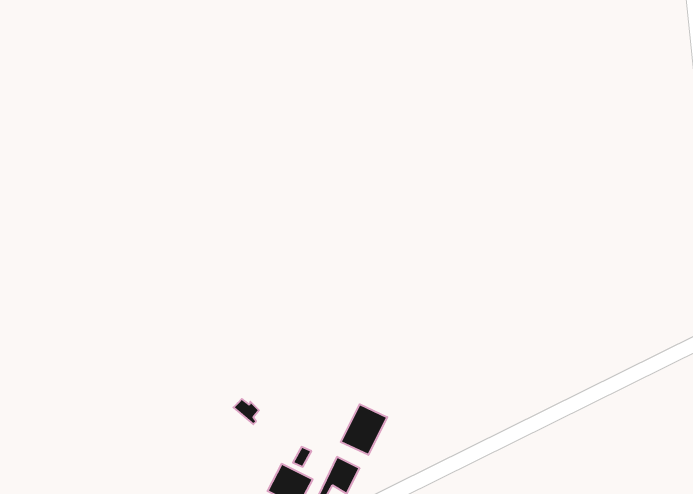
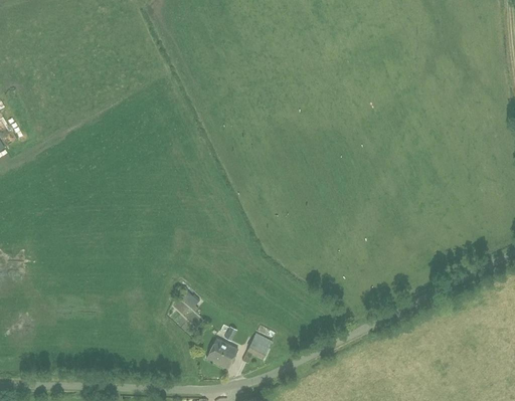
building: [341,404,387,455] -> none

